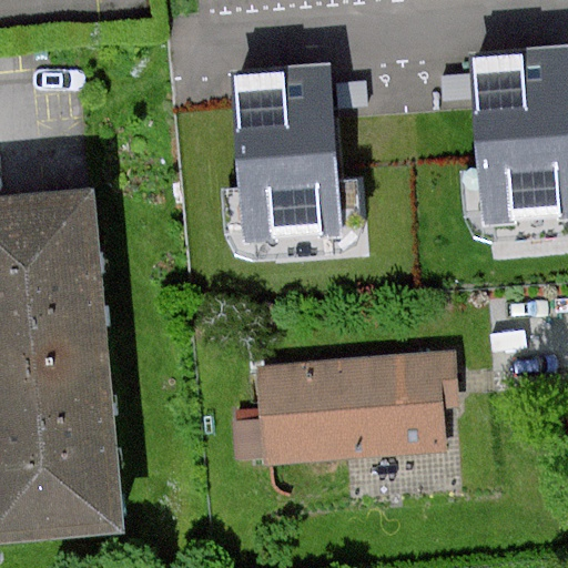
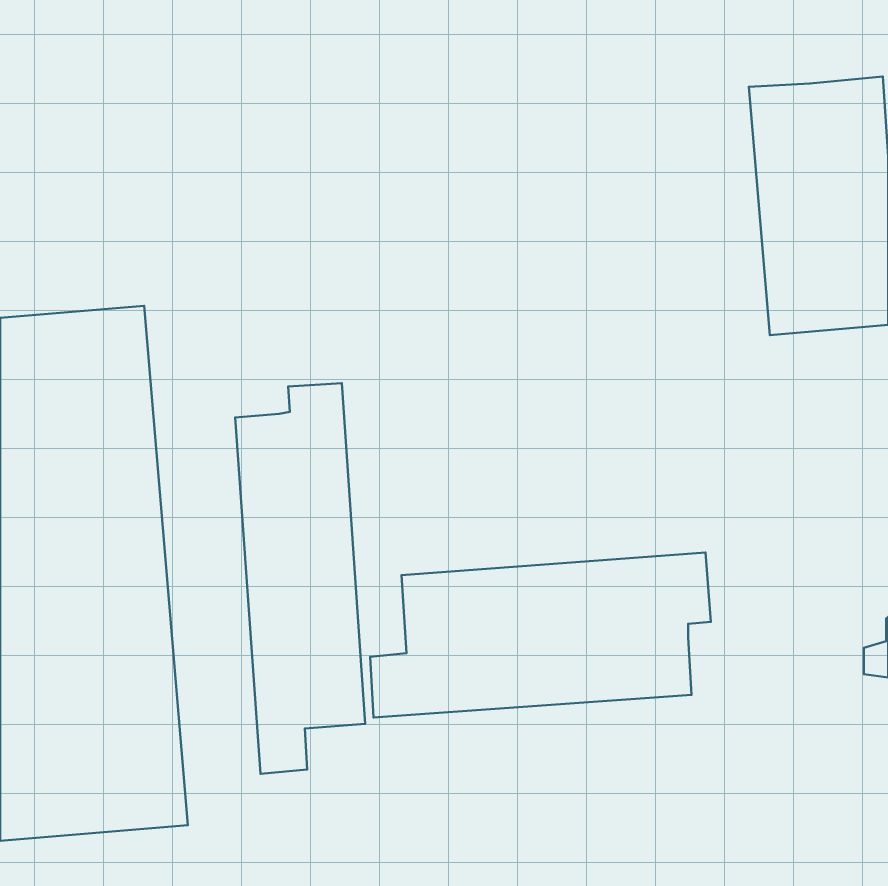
building: [241,77,341,235] -> none
building: none -> [235,383,365,774]

